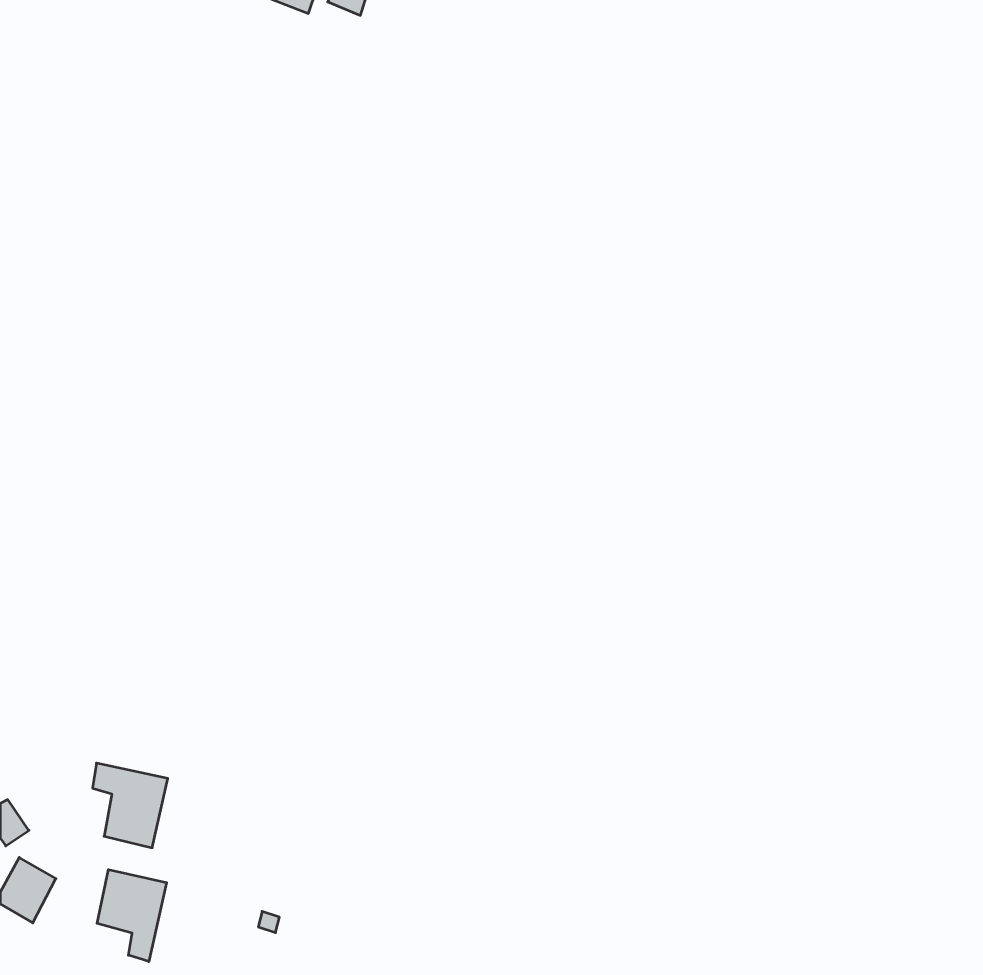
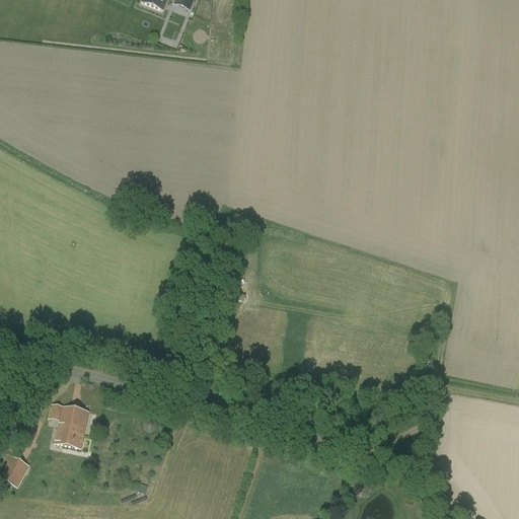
building: [97,870,167,962] -> none

